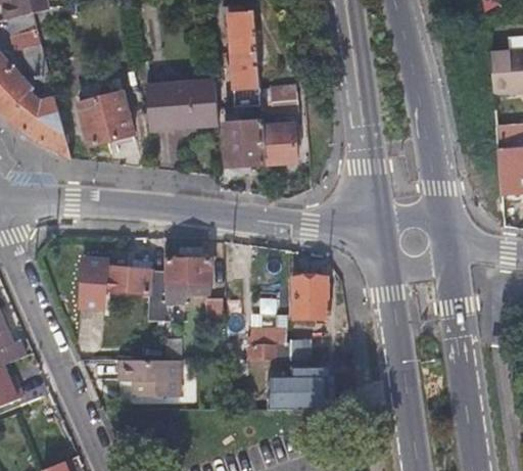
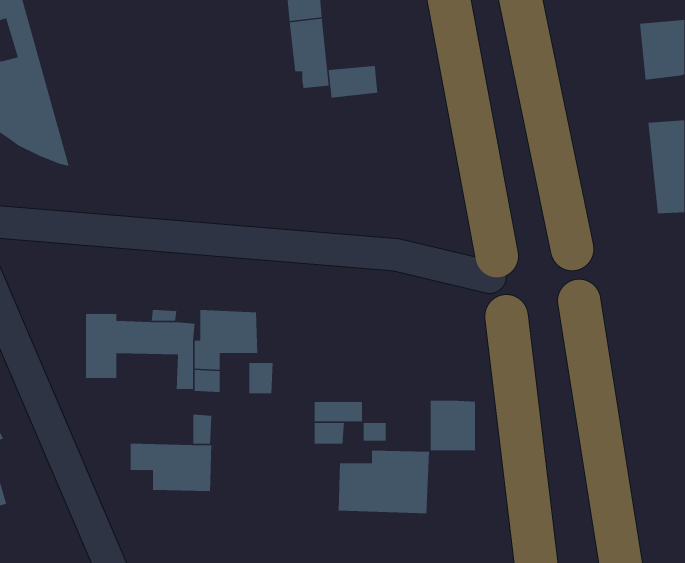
building: [145,82,217,129] -> none
building: [78,92,132,146] -> none
building: [225,120,296,167] -> none
building: [289,280,323,318] -> [430,400,476,451]

